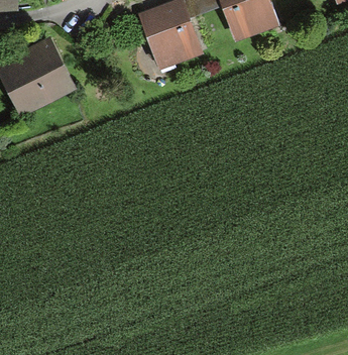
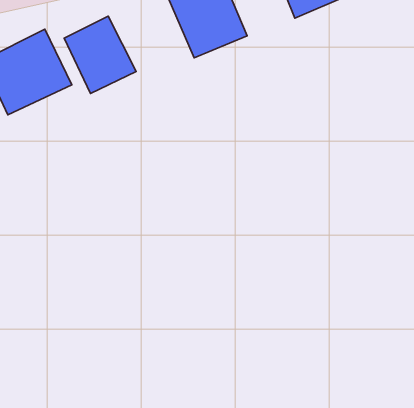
building: none -> [64,16,136,94]

